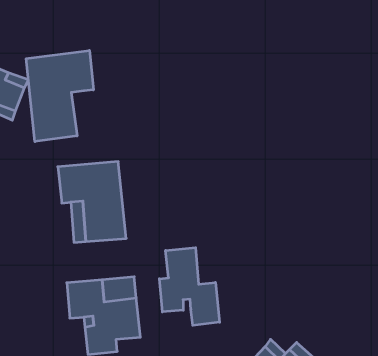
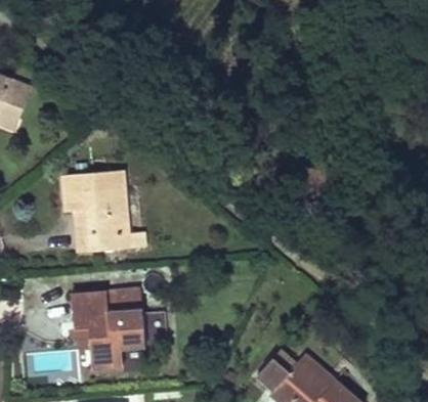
building: [26,50,93,142] -> none
building: [159,248,220,325] -> none

